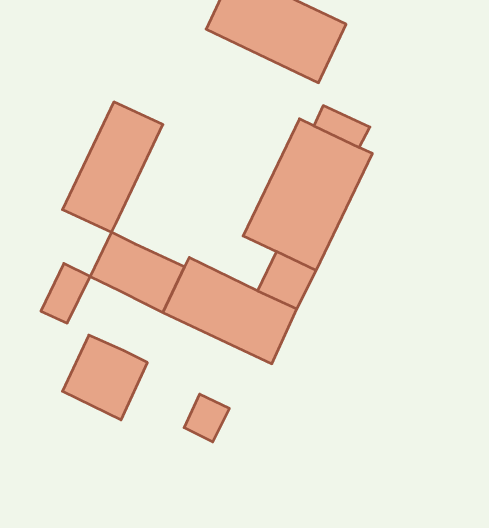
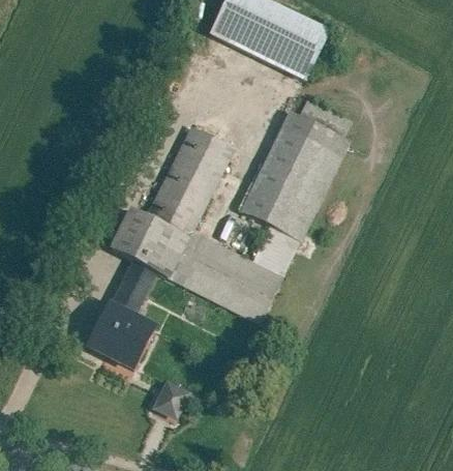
building: [62,102,163,232] -> [147,125,234,238]
building: [41,263,90,323] -> [114,259,156,311]
building: [184,394,229,442] -> [145,380,184,421]

